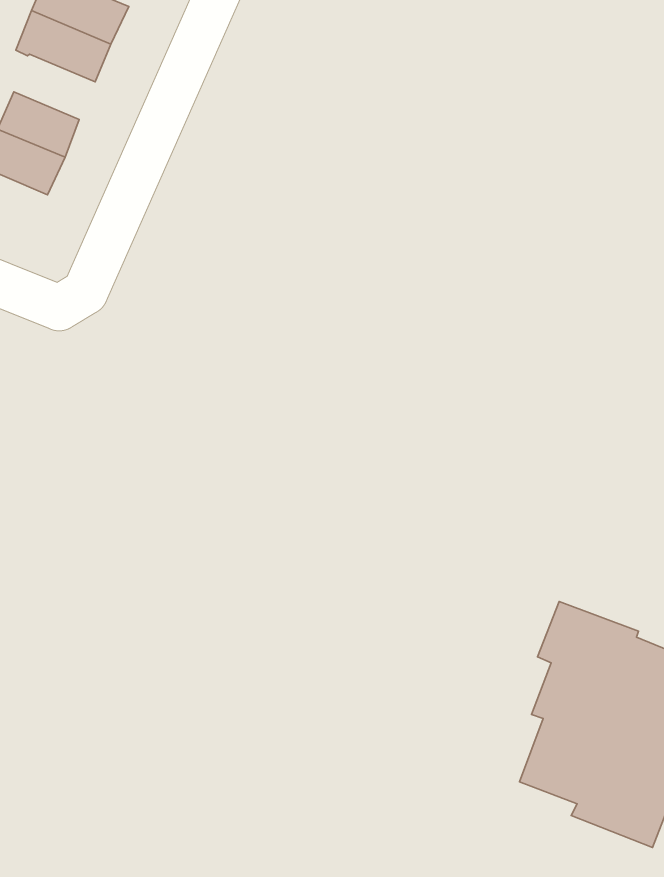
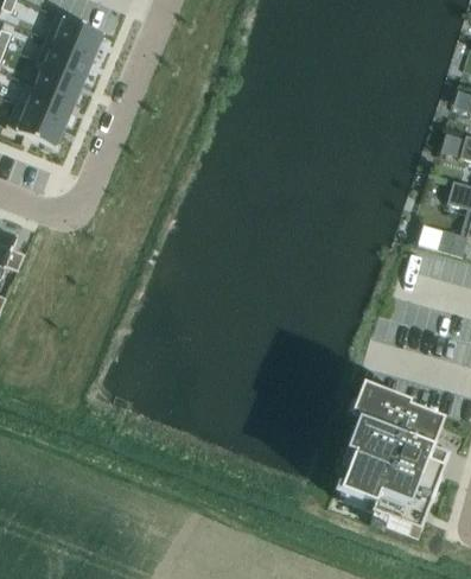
building: none -> [36,61,84,100]

